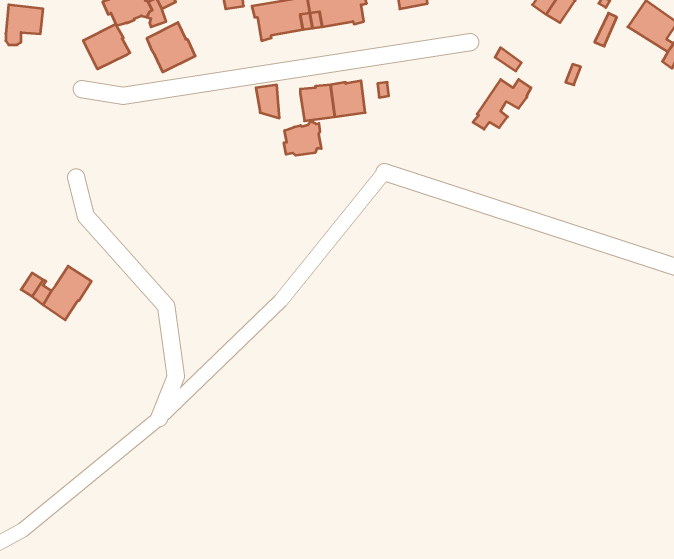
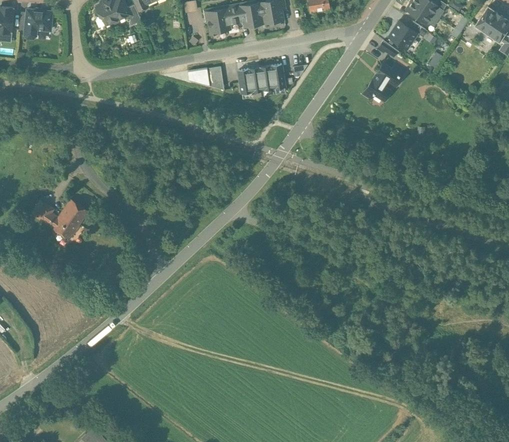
building: none -> [386,20,417,50]
building: [147,22,195,72] -> none
building: [83,24,130,69] -> none
building: [284,121,321,155] -> none

